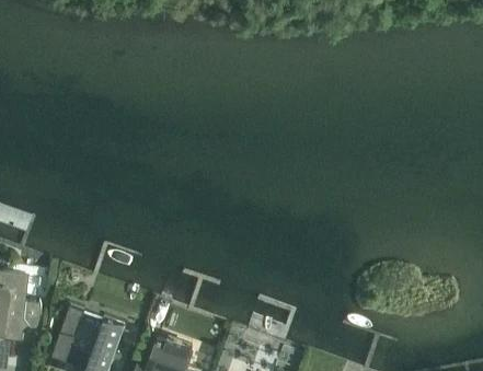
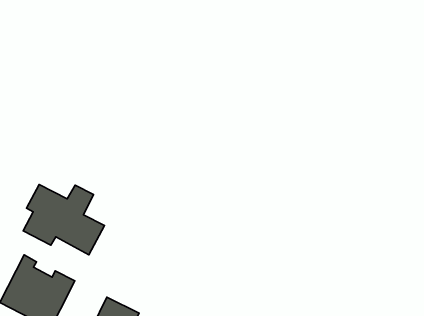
building: none -> [23,185,105,255]

